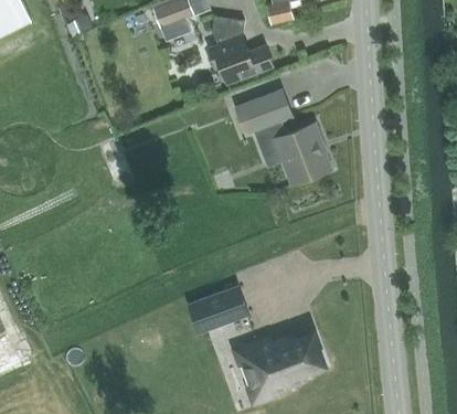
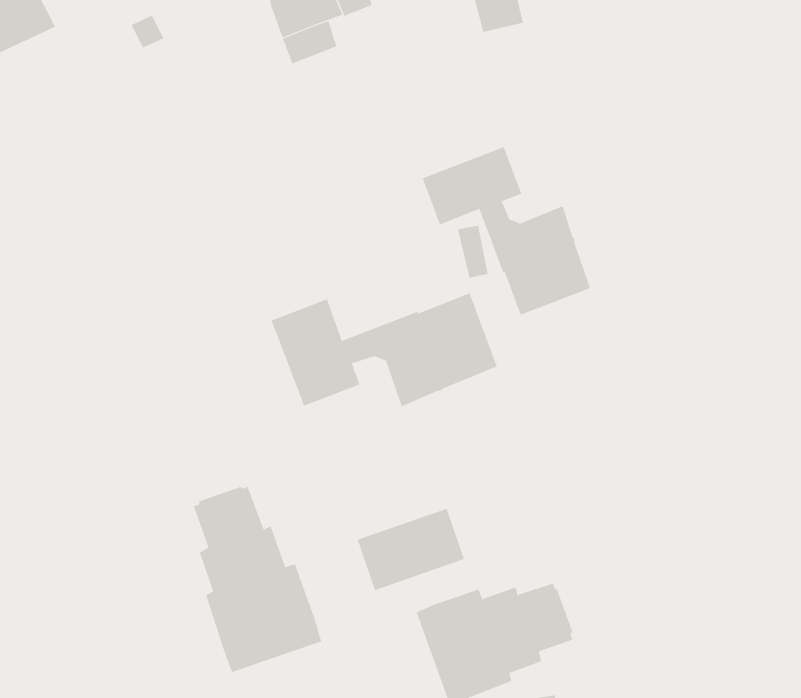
building: [211,15,275,83] -> none
building: none -> [271,292,497,407]
building: none -> [193,486,322,673]

